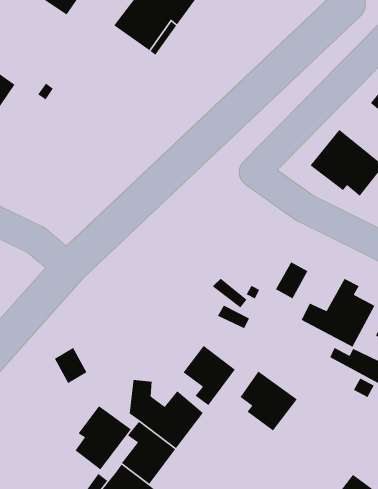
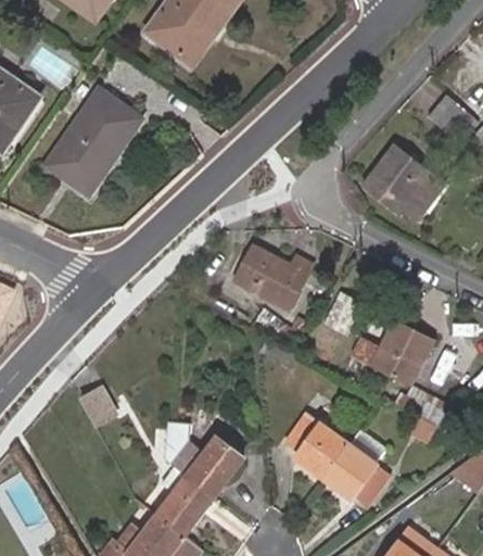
building: none -> [45,88,142,194]
building: none -> [232,243,315,311]
building: [183,345,236,406] -> none
building: none -> [321,431,390,506]
building: [75,405,132,470] -> none

